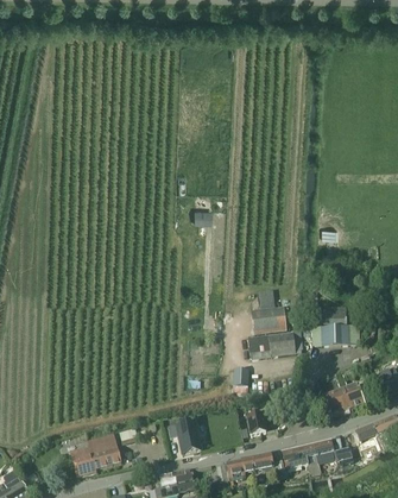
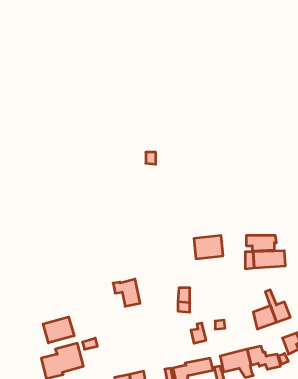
building: [248,330,296,358] -> none
building: none -> [43,317,74,343]
building: [168,421,200,453] -> [113,279,140,306]

